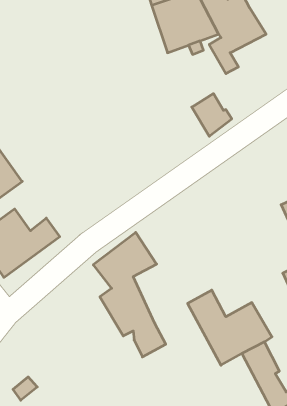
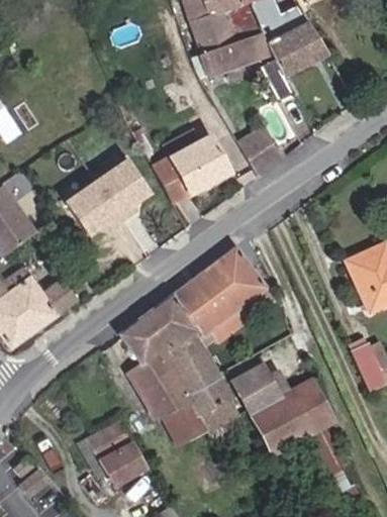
building: none -> [153,131,230,203]
building: none -> [67,159,151,232]
building: none -> [168,245,267,432]
building: none -> [89,419,147,486]

